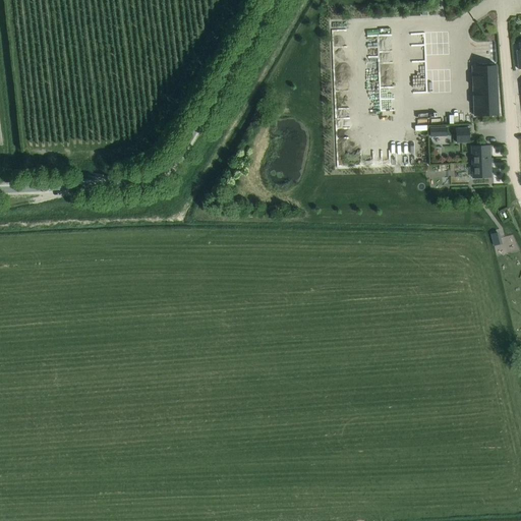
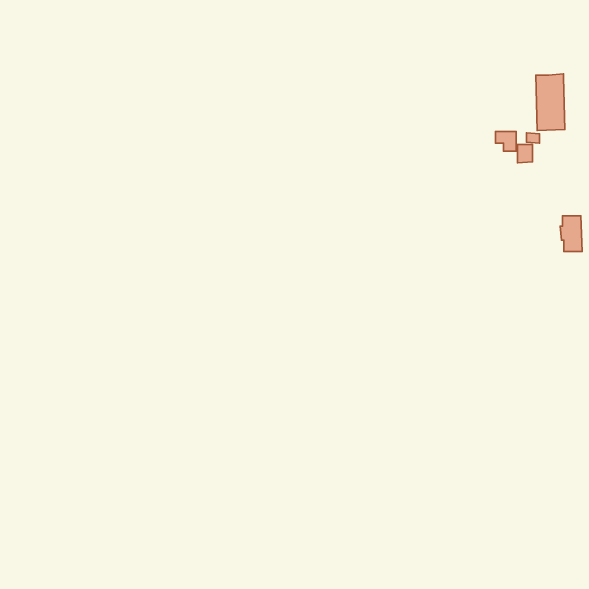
building: [472,147,491,178] -> [560,216,582,252]

